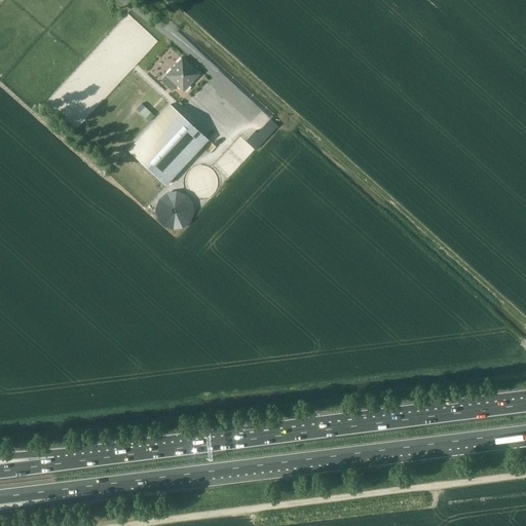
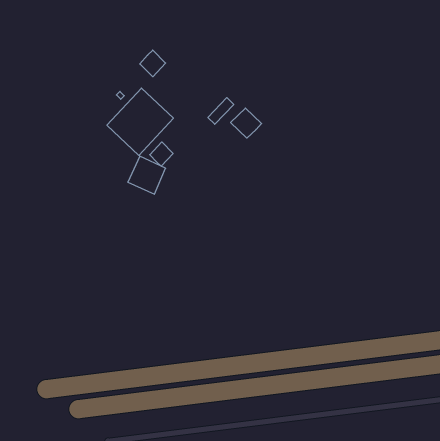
building: none -> [231,108,262,138]
building: none -> [150,142,173,166]

